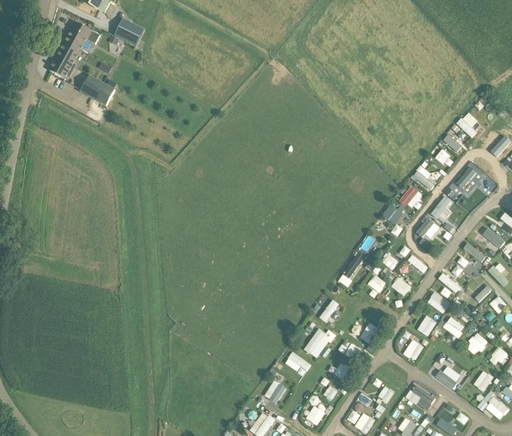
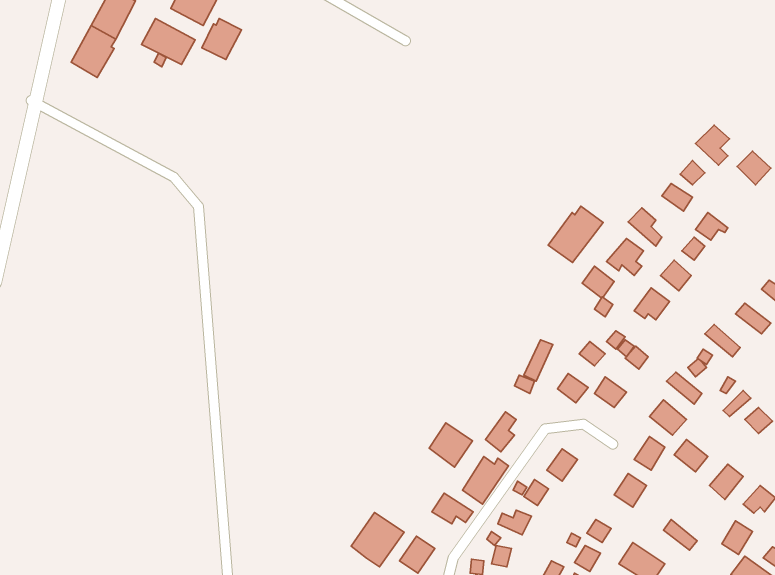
building: none -> [202,19,241,59]
building: [79,75,114,105] -> [142,18,195,64]
building: none -> [548,206,603,262]
building: none -> [429,423,473,467]
building: none -> [351,512,404,567]

